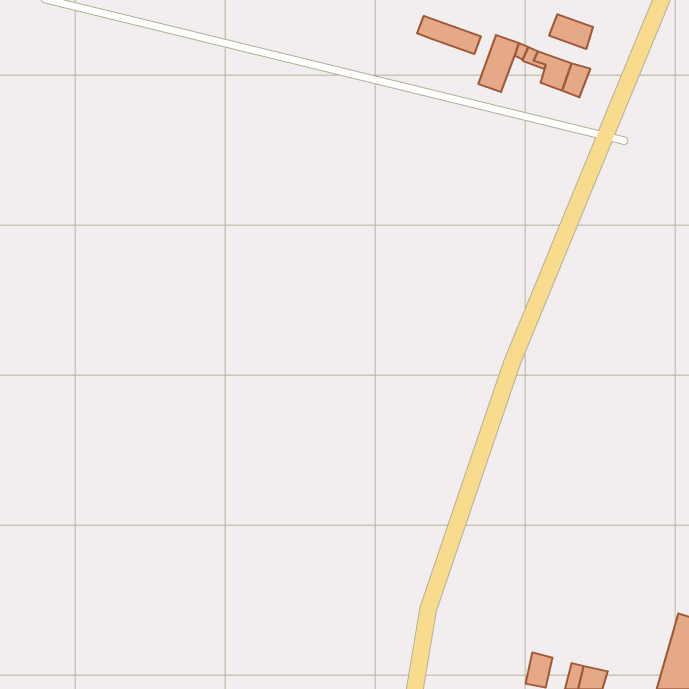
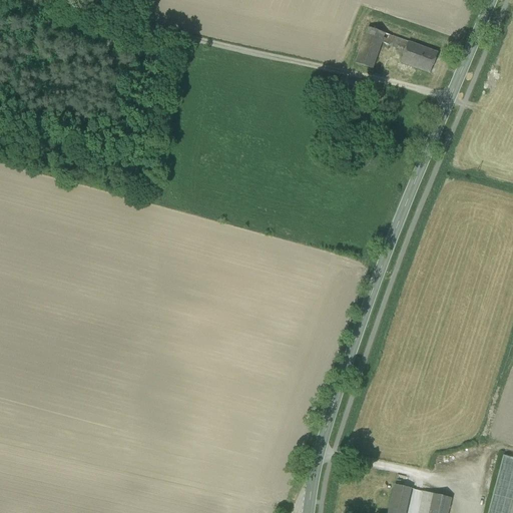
building: [549,14,593,49] -> none
building: [417,16,481,54] -> none

